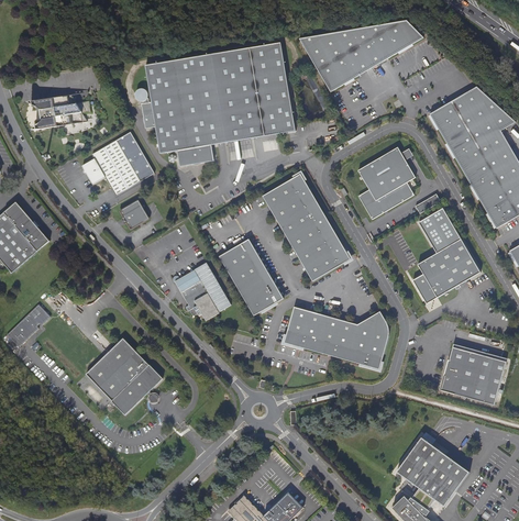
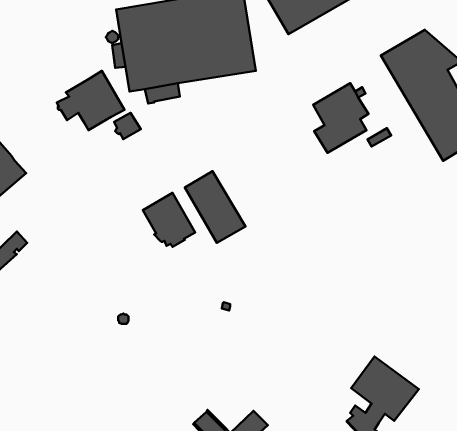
building: [31,93,87,129] -> none
building: [262,173,350,281] -> none
building: [120,200,148,229] -> [114,113,141,139]
building: [411,206,478,298] -> none
building: [284,307,388,368] -> none
building: [85,337,162,414] -> none
building: [439,346,506,404] -> none

